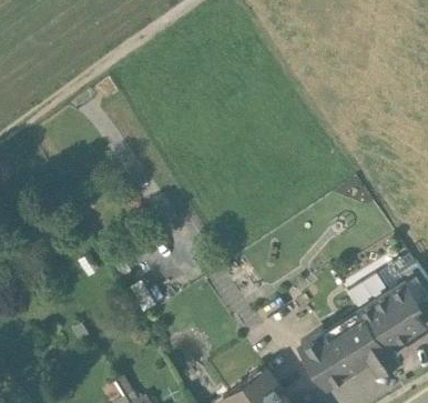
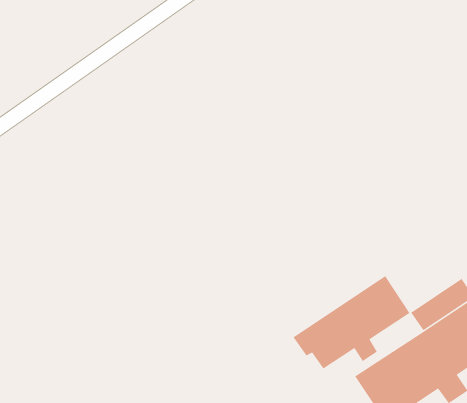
building: none -> [293,275,411,370]

